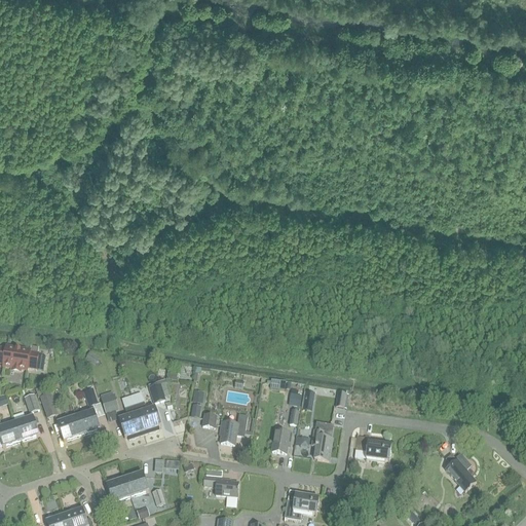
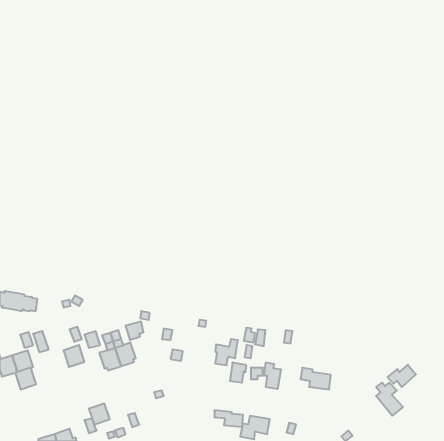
building: [220,412,247,443] -> [215,339,238,365]
building: [57,413,81,439] -> [15,368,36,389]
building: none -> [388,365,416,387]
building: [123,469,148,494] -> none
building: [203,475,237,494] -> [214,410,243,427]

